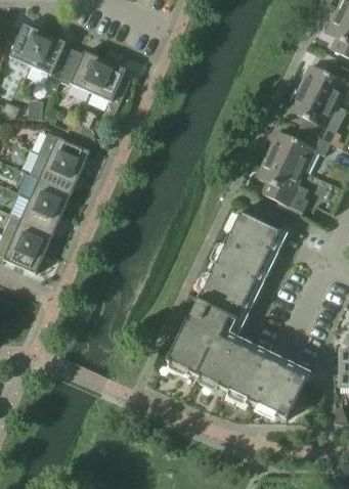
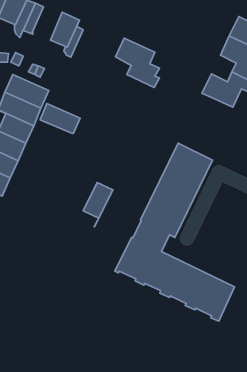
building: [71,50,105,92] -> none
building: [258,153,309,211] -> [115,38,159,88]
building: none -> [40,104,80,134]
building: none -> [83,182,113,227]

